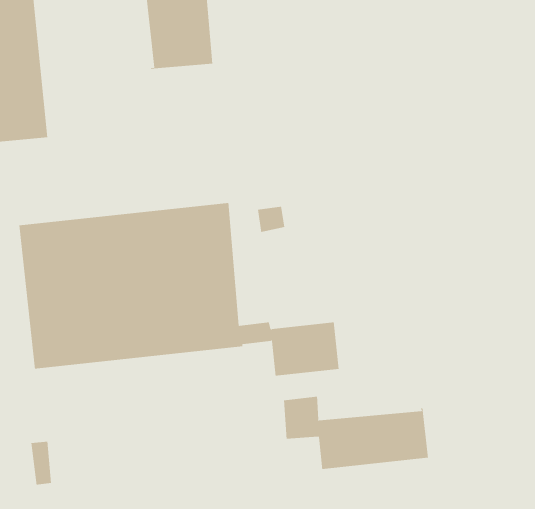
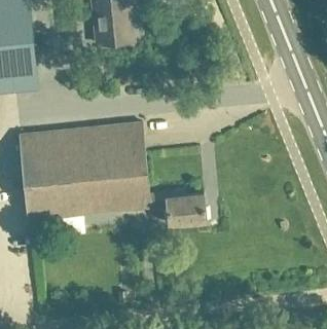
building: [283,396,428,470] -> none

